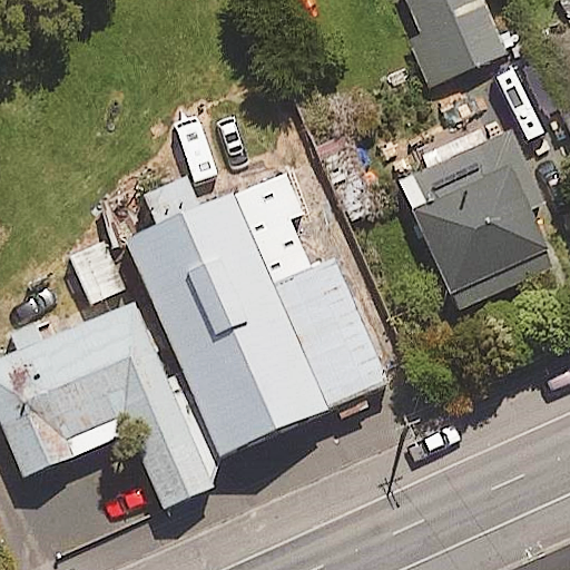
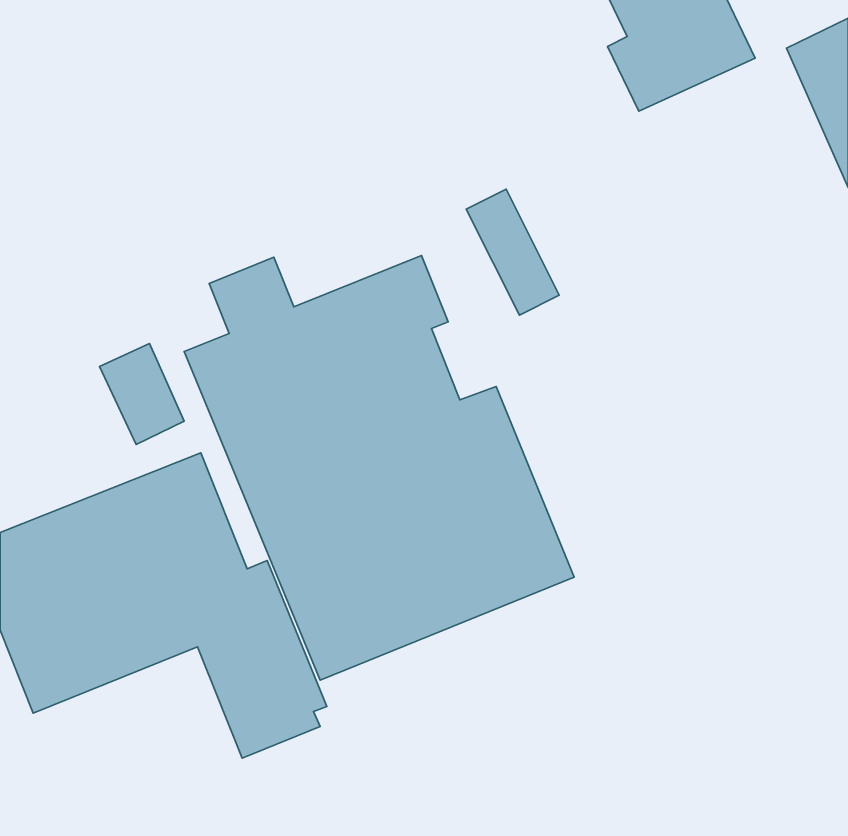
building: [409,117,552,296] -> none

